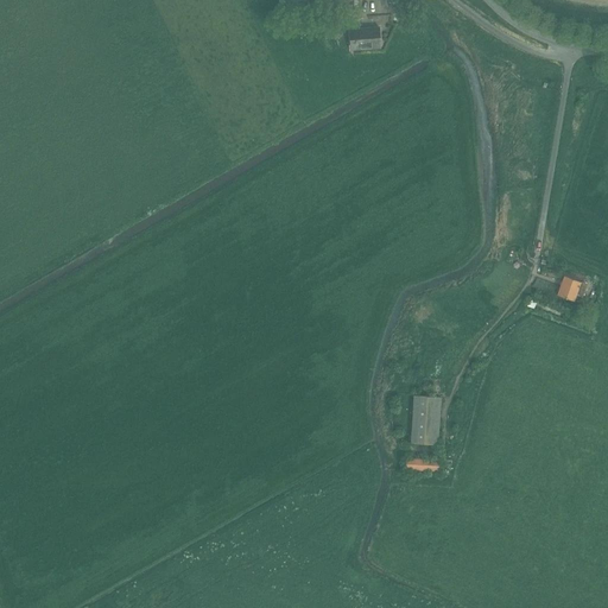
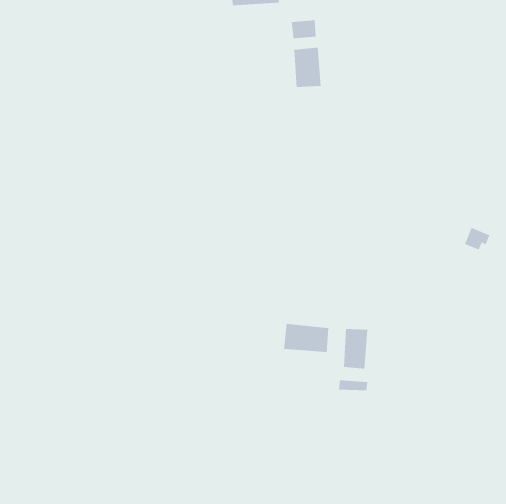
building: none -> [294,47,321,88]
building: none -> [283,323,329,353]

